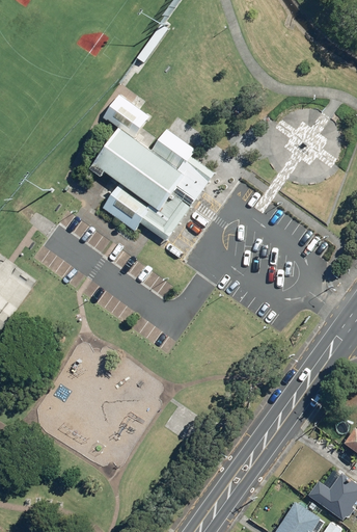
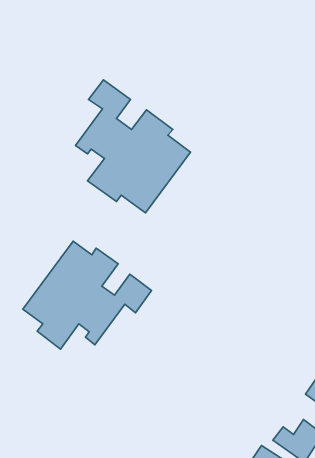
building: none -> [23,241,152,349]

